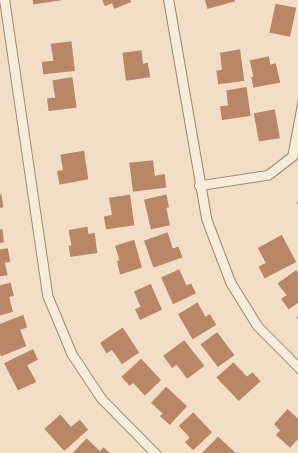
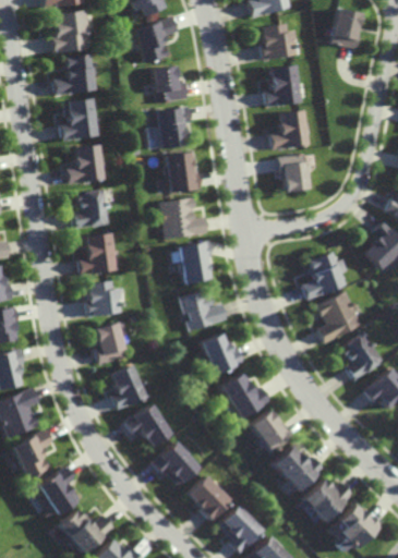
building: none -> [49,10,92,54]
building: none -> [133,16,178,64]
building: [249,56,281,88] -> [262,22,301,61]
building: none -> [155,107,191,149]
building: [253,109,281,142] -> [278,153,312,193]
building: none -> [68,143,107,184]
building: none -> [164,151,202,194]
building: [103,194,135,230] -> [80,232,119,276]
building: none -> [305,251,351,301]
building: [114,239,143,275] -> [95,322,130,365]
building: [133,283,163,321] -> [112,364,148,410]
building: [162,339,205,380] -> none
building: none -> [36,466,80,515]
building: none -> [300,477,353,523]

